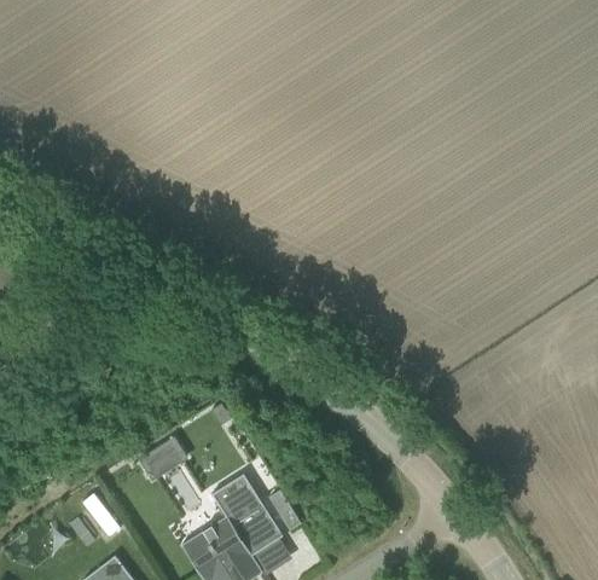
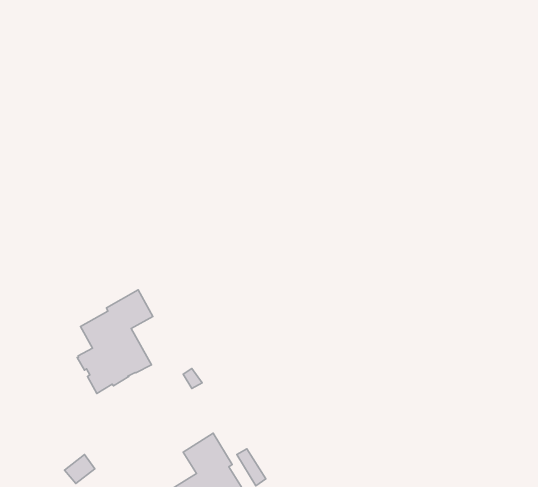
building: none -> [77,290,153,393]
building: [140,435,187,477] -> none

